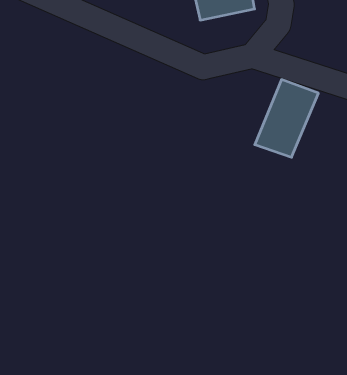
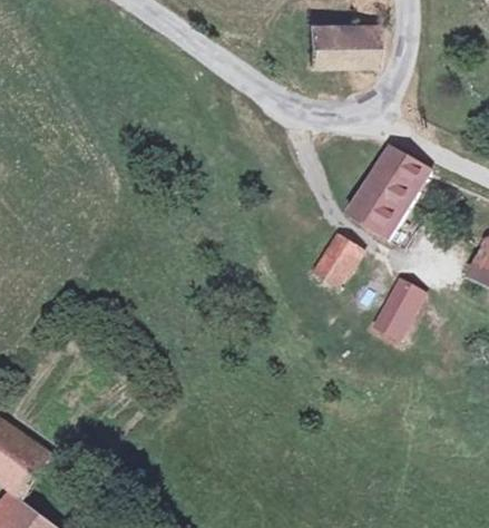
building: none -> [313,238,363,293]
building: none -> [379,281,422,339]

